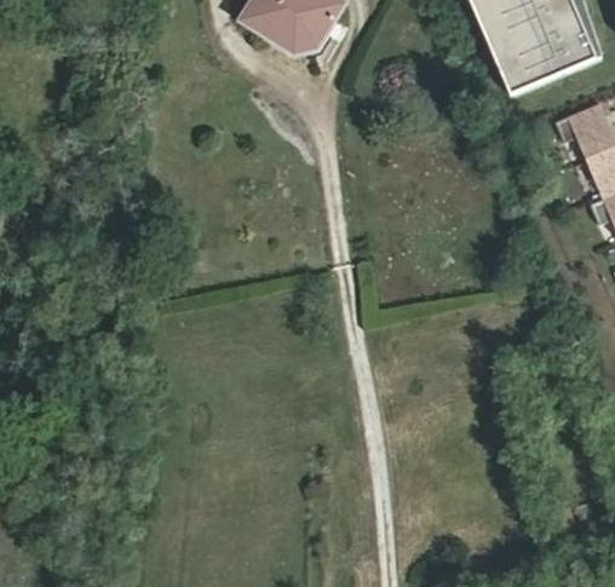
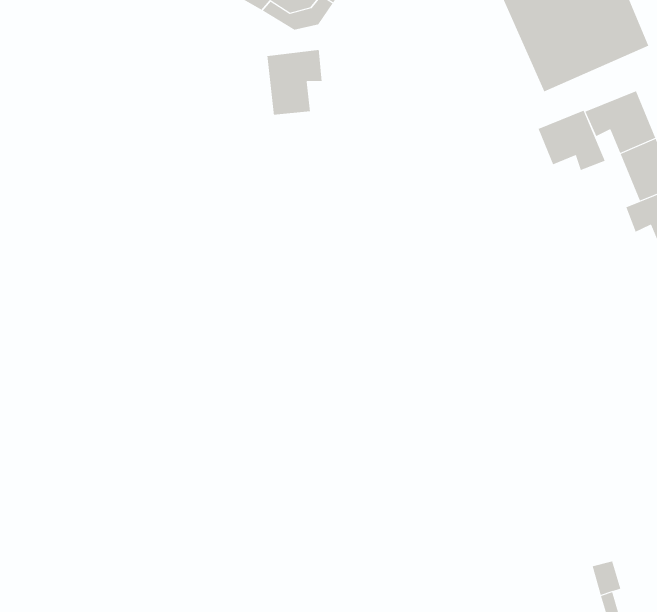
building: none -> [267,49,322,116]
building: none -> [538,110,605,171]

